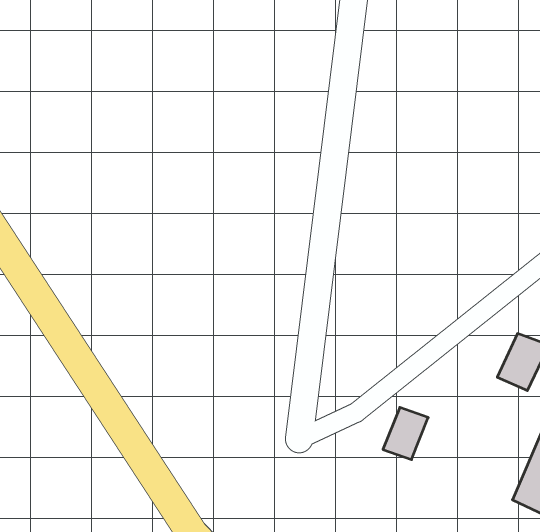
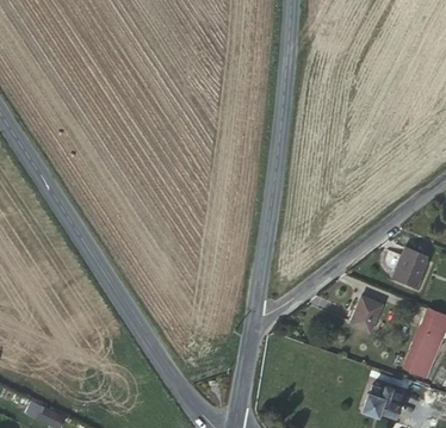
building: [383,407,428,460] -> [354,292,386,329]

